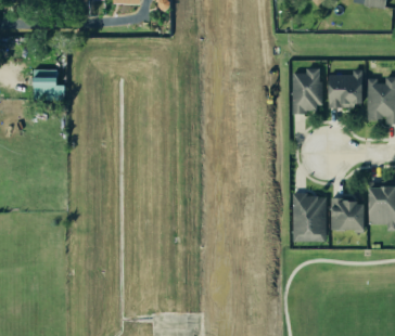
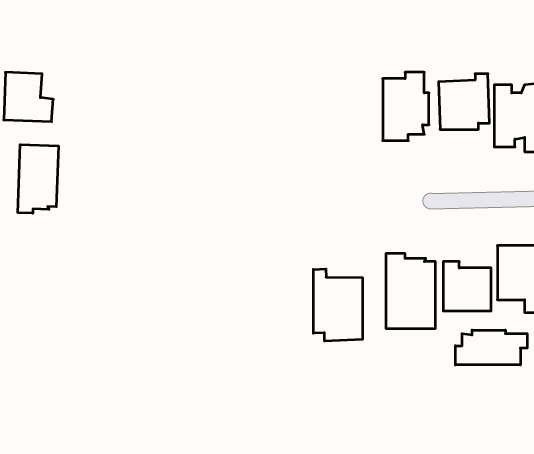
building: none -> [18,145,58,213]
building: none -> [313,269,362,341]
building: none -> [455,330,527,365]

